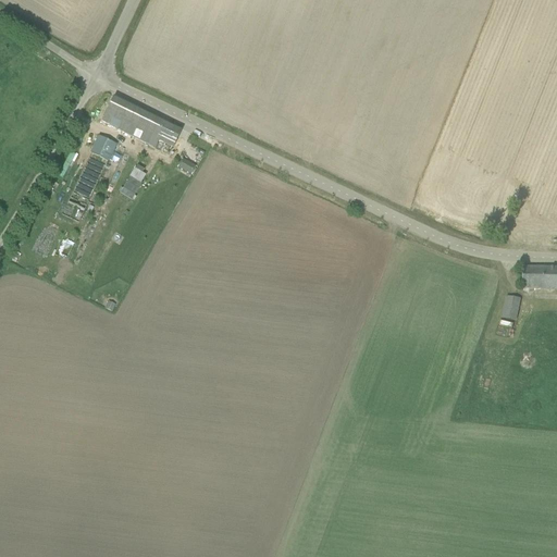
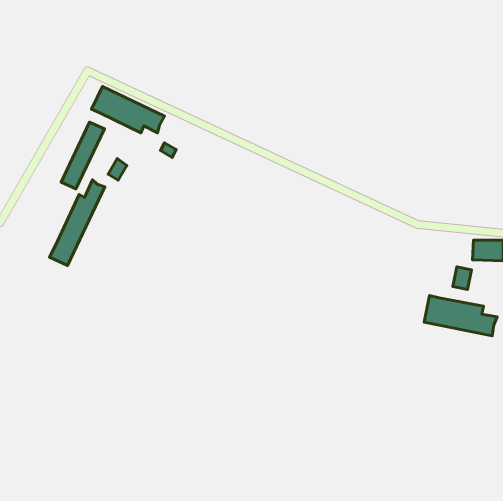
building: none -> [50,180,105,266]
building: none -> [424,296,497,336]

